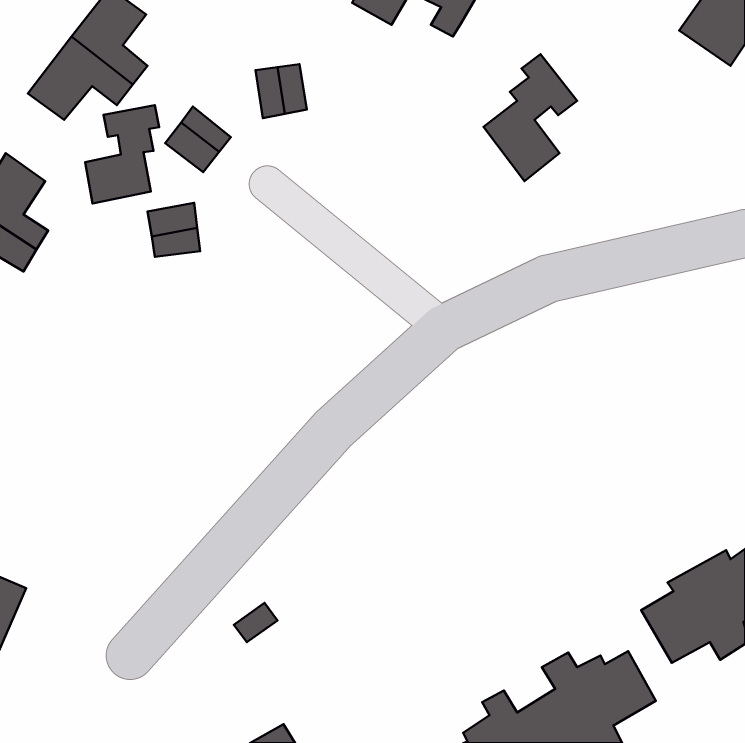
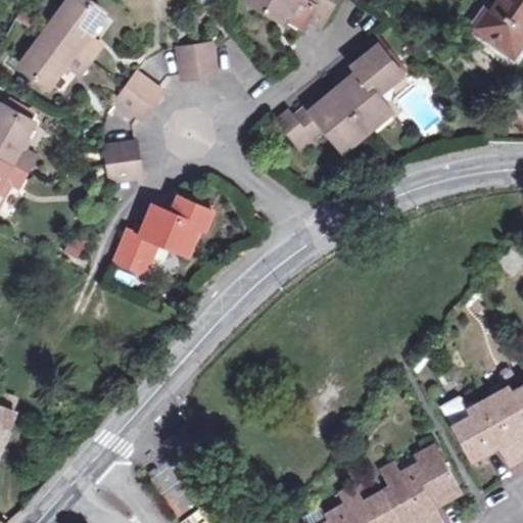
building: [85,105,159,203] -> none
building: none -> [277,89,367,148]
building: none -> [115,201,216,278]

